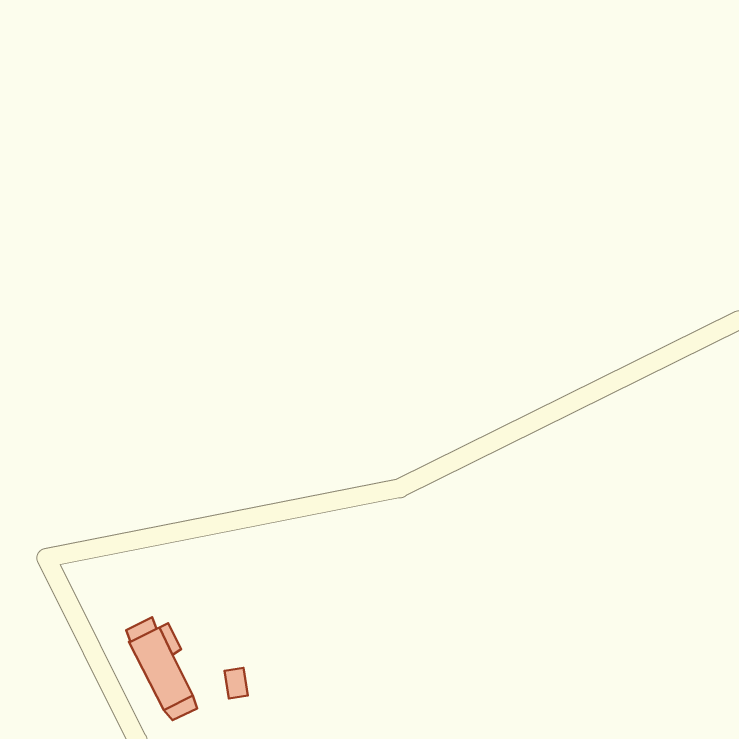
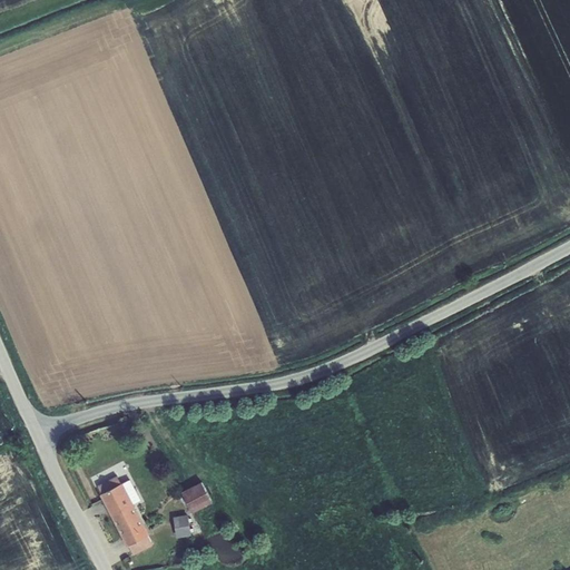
building: none -> [180,481,212,513]

